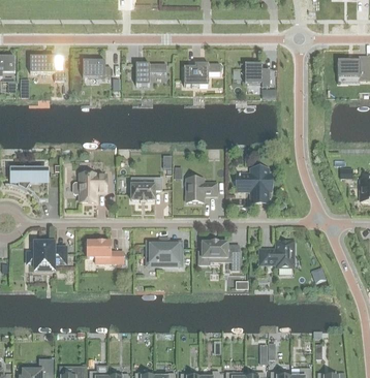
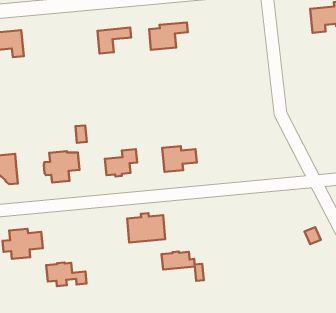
building: [83,59,111,75] -> none
building: [245,62,270,85] -> none
building: [238,167,271,200] -> none
building: [87,240,123,261] -> [46,262,86,286]
building: [202,241,239,270] -> [162,252,204,281]
building: [259,241,295,273] -> none

